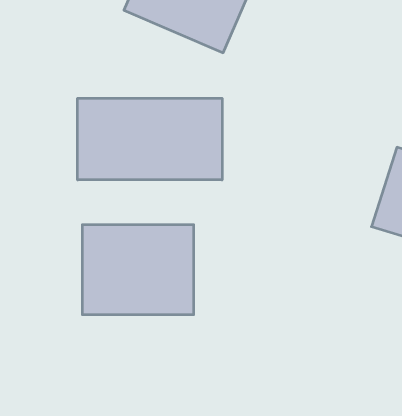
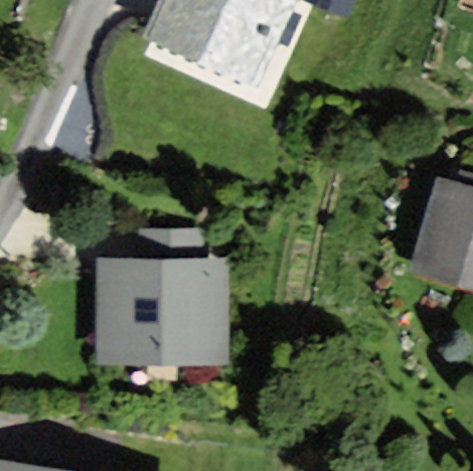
building: [78,98,222,180] -> none

